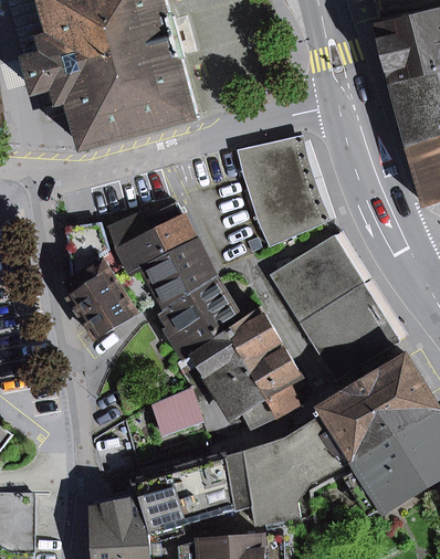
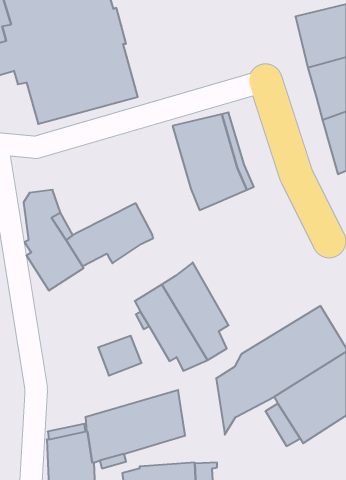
building: [111,202,195,272] -> none
building: [270,236,397,379] -> none
building: [158,278,240,357] -> none
building: [243,439,298,525] -> none

